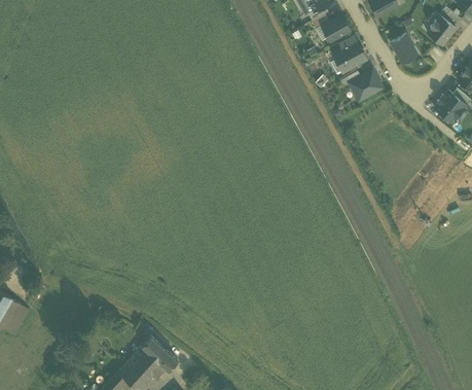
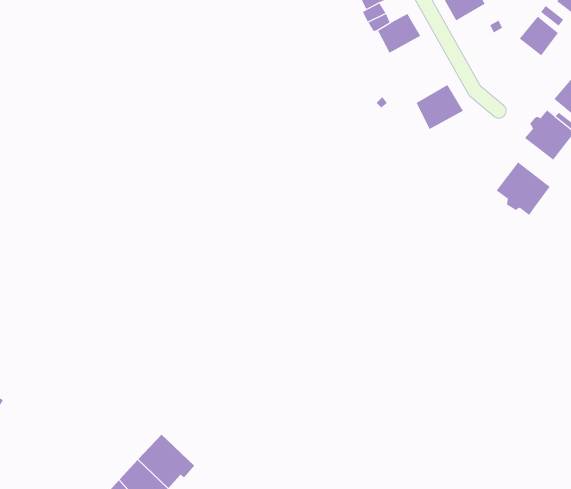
building: [390,32,420,64] -> none
building: [327,34,367,74] -> none
building: none -> [496,162,550,216]

